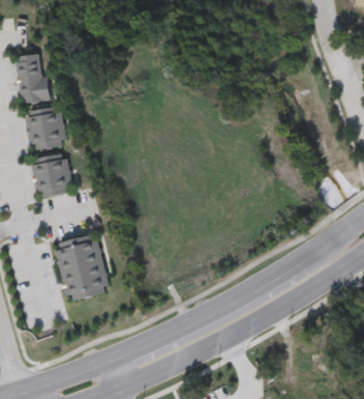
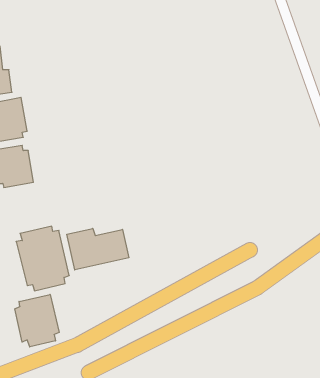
building: none -> [67,228,129,270]
building: none -> [15,294,59,347]

